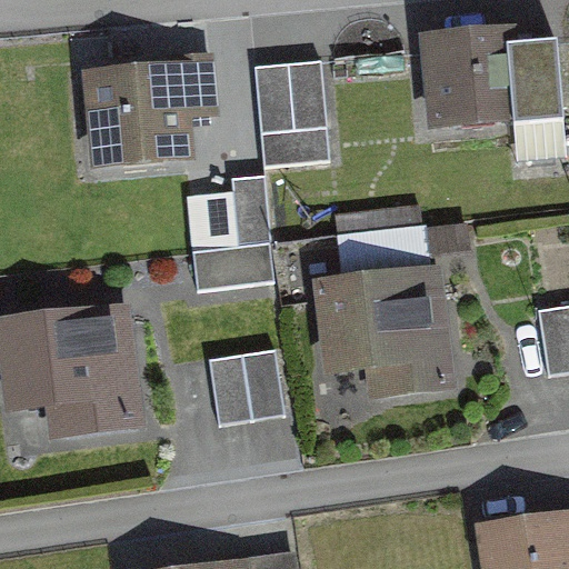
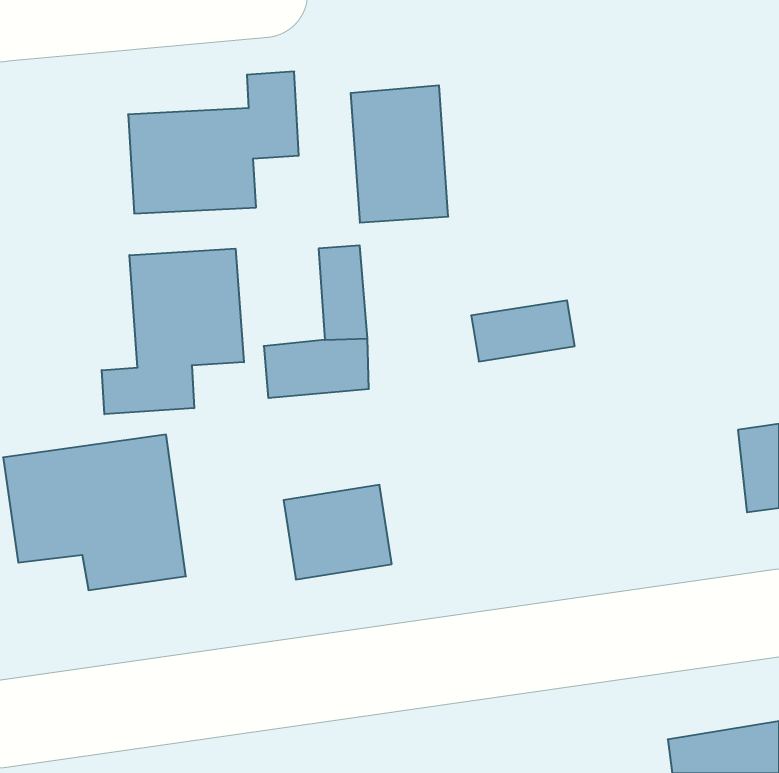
building: [428,38,556,127] -> none
building: none -> [102,249,244,414]
building: [323,277,449,389] -> none

